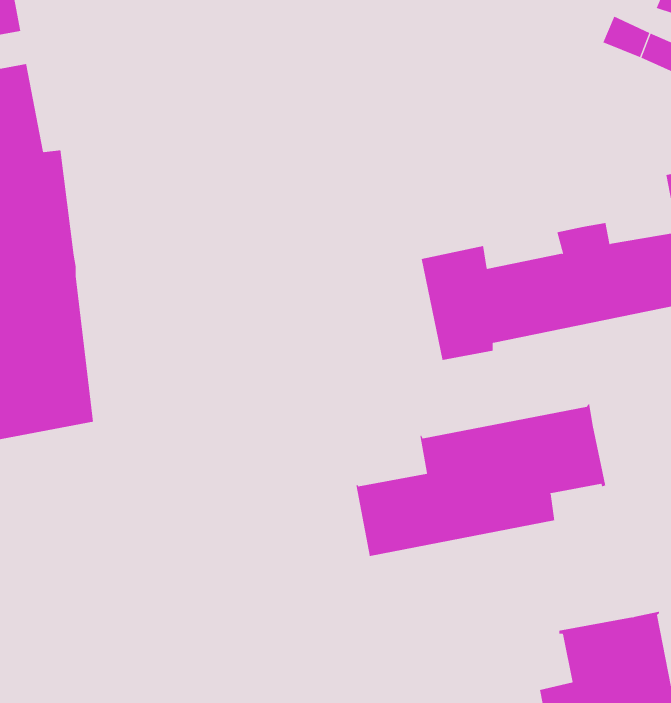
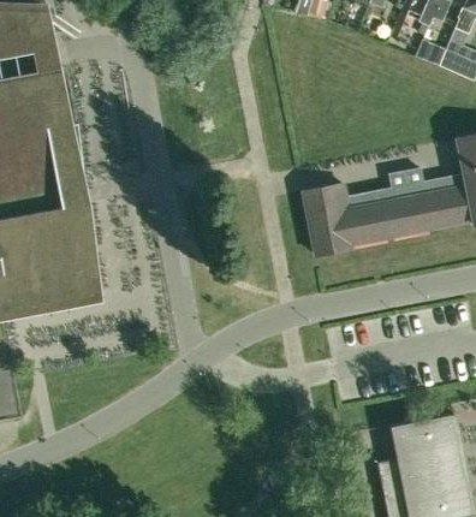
building: [356,403,606,557] -> none

